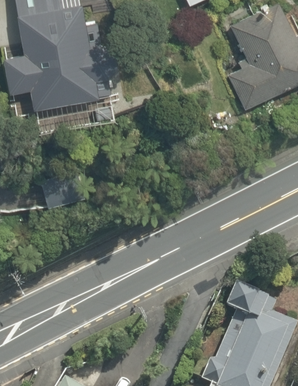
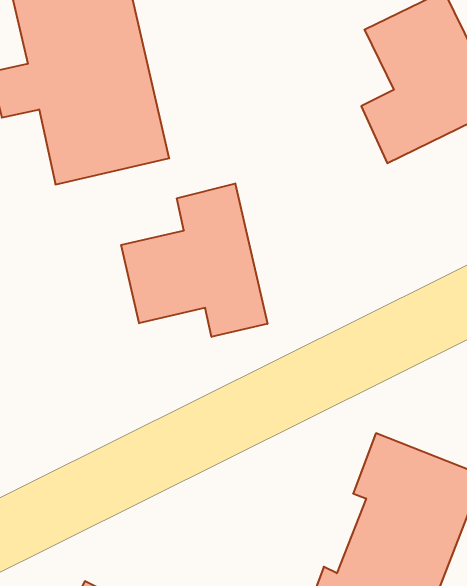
building: none -> [121,183,267,337]

